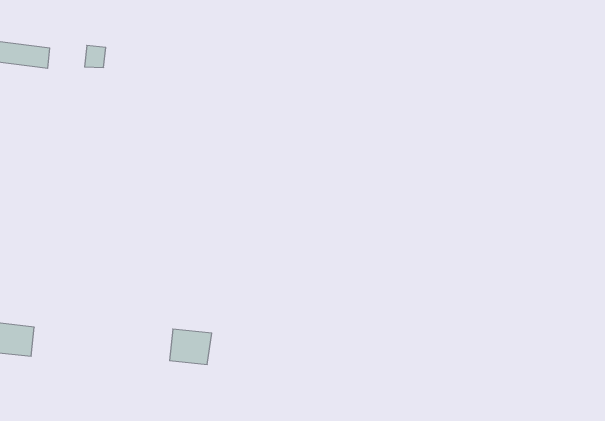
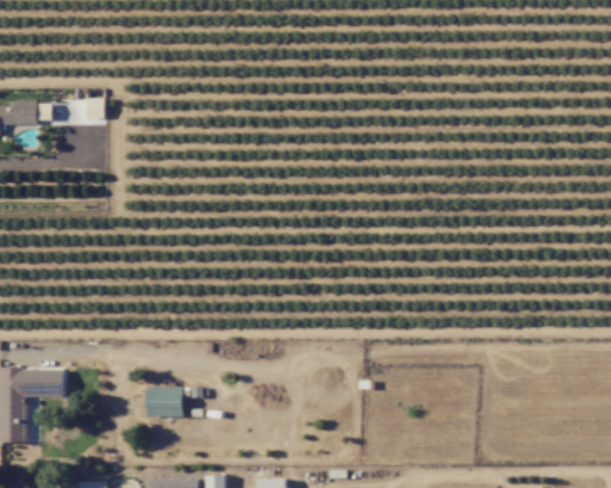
building: [170,329,212,364] -> [146,389,183,419]

